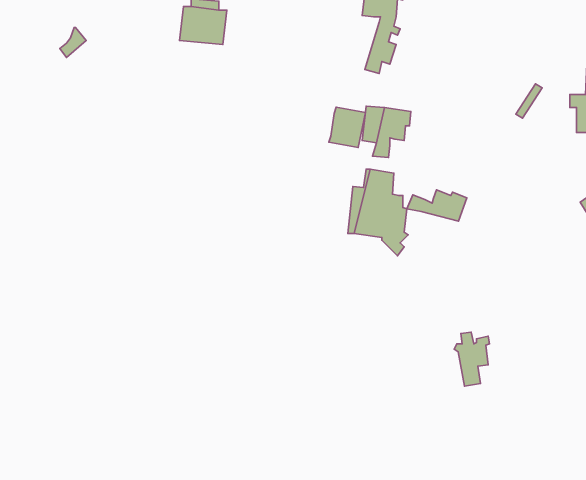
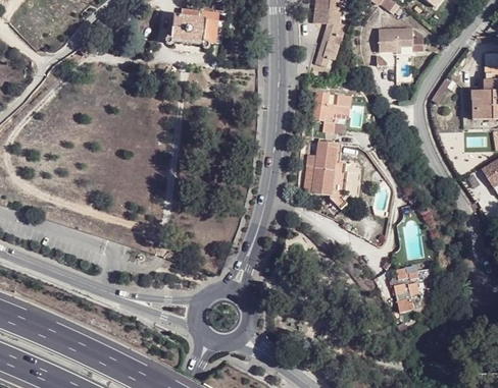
building: none -> [382,27,416,50]
building: [329,107,365,148] -> none
building: [407,190,467,221] -> none

